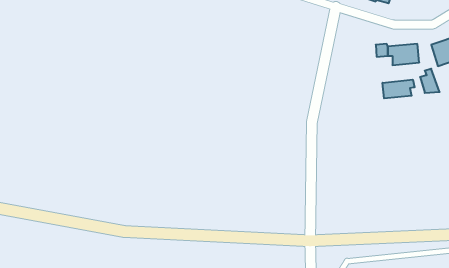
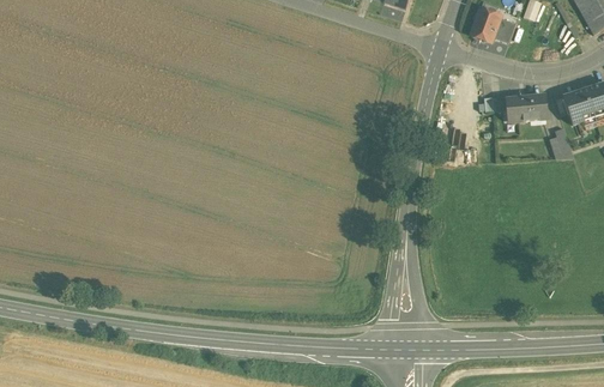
building: [383,80,415,98] -> none

